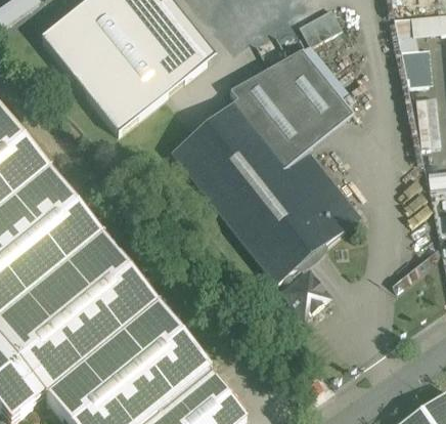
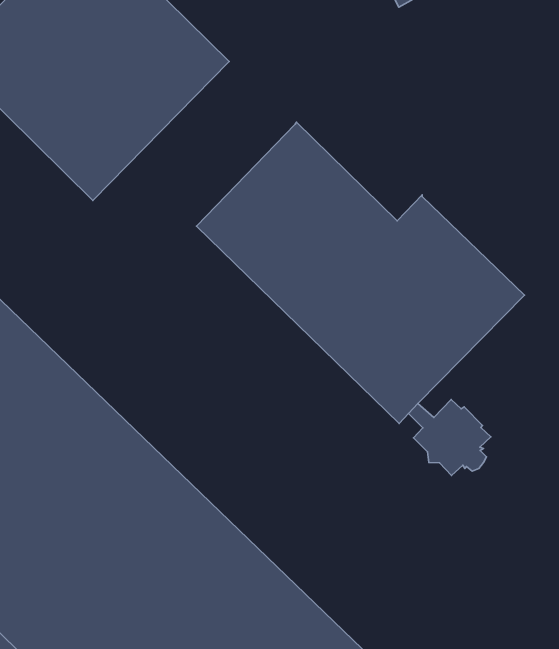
building: [231,48,355,163] -> none

